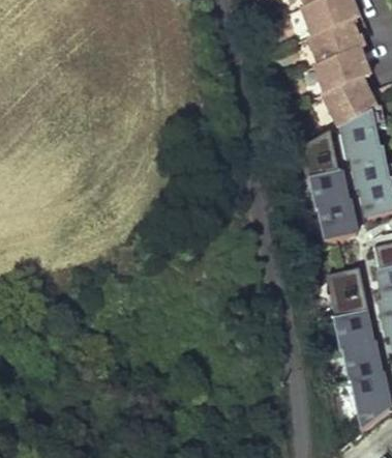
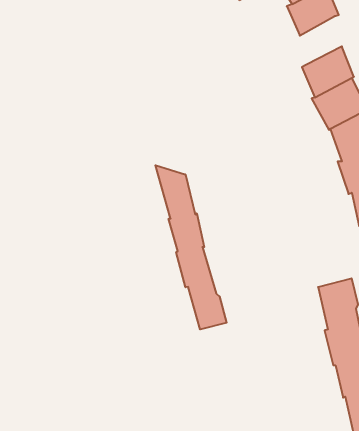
building: [306,18,355,64] -> none
building: [298,131,357,242] -> none
building: none -> [155,165,227,329]

